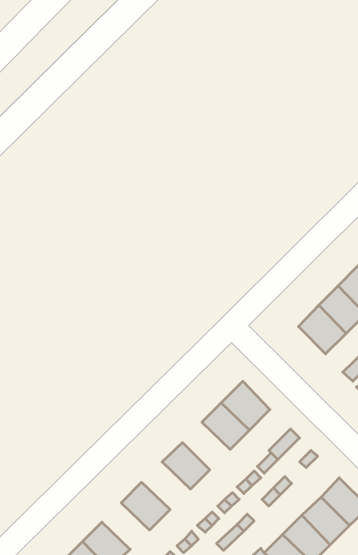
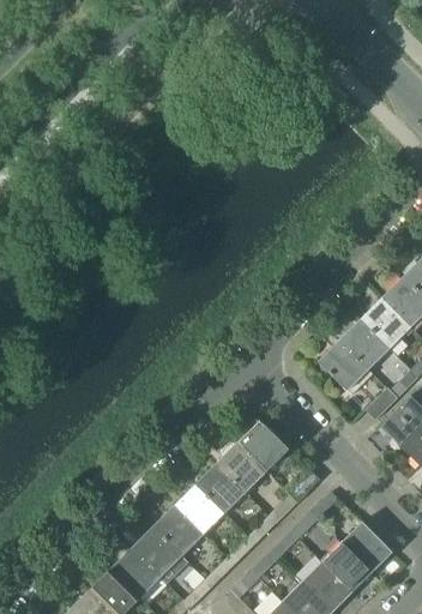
building: none -> [197,462,247,512]
building: none -> [153,504,205,554]
building: none -> [111,547,162,596]

